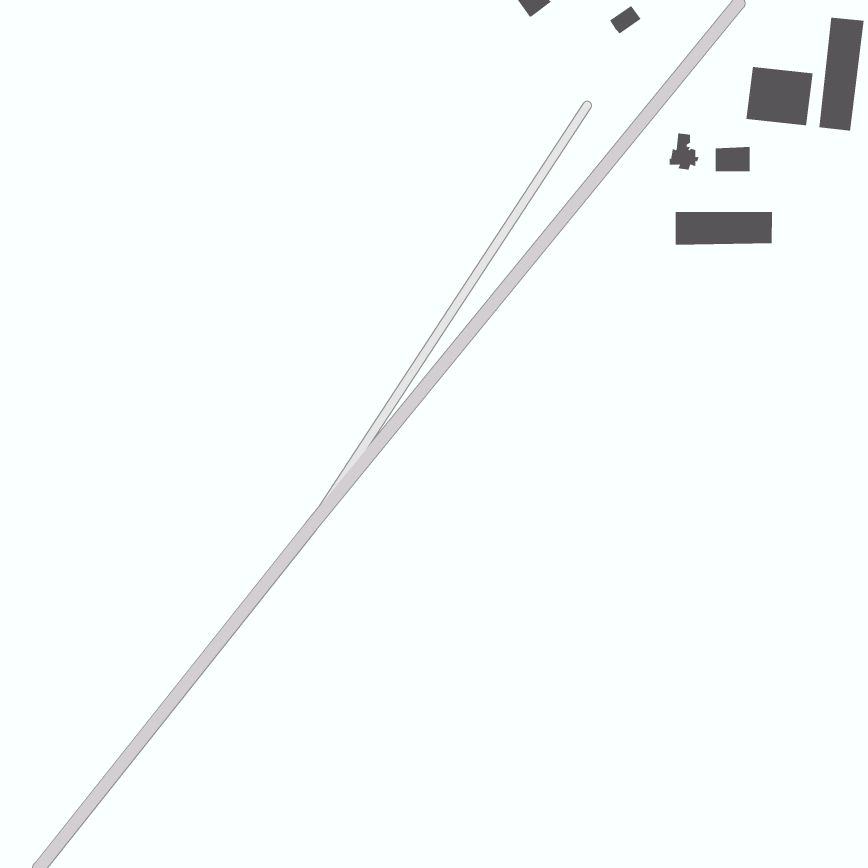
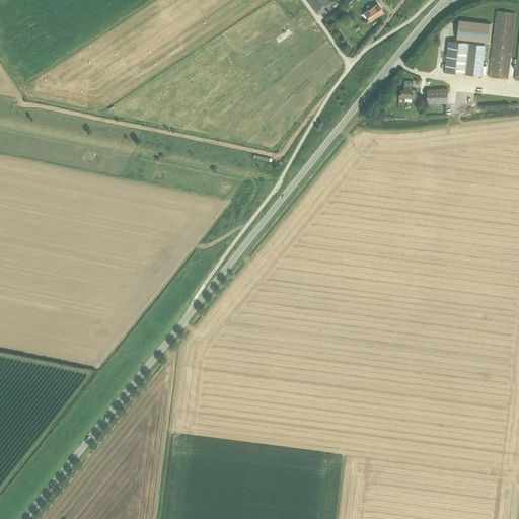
building: none -> [455,19,489,42]
building: [675,211,772,246] -> none

